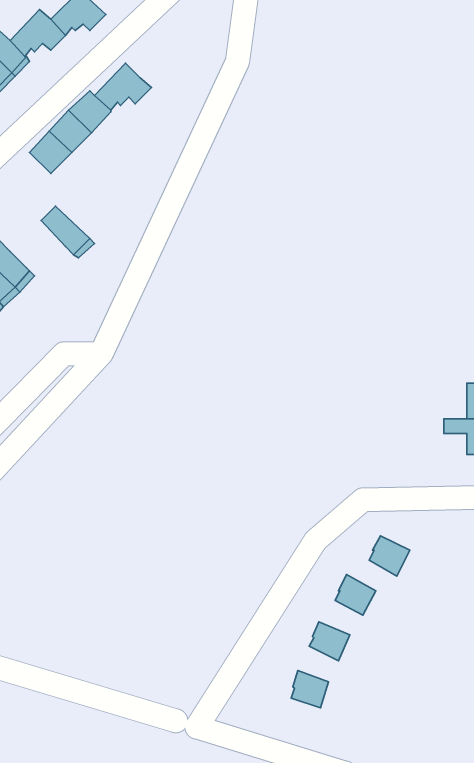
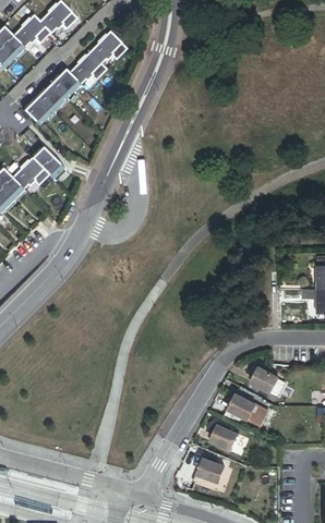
building: none -> [87,31,124,61]
building: none -> [10,157,47,188]

